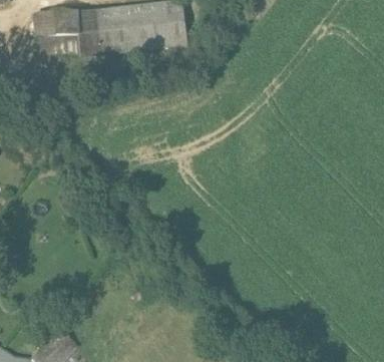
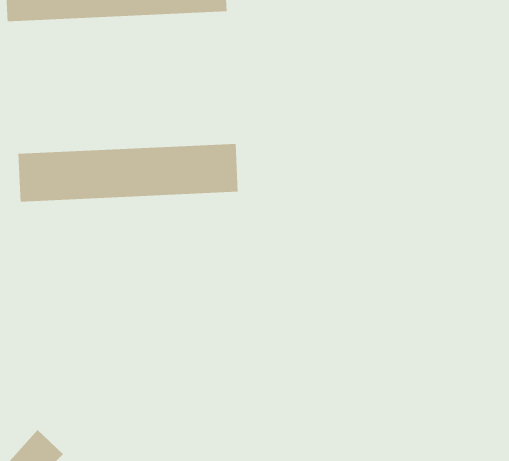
building: none -> [18,143,239,202]

